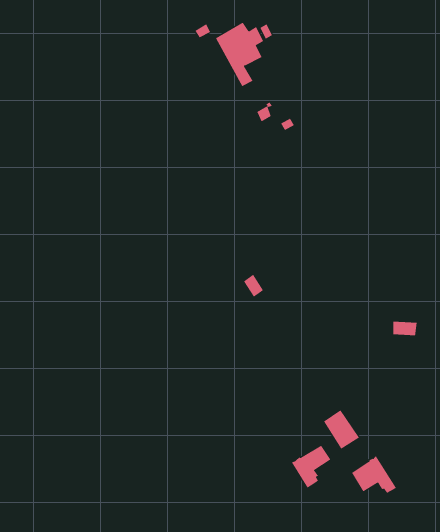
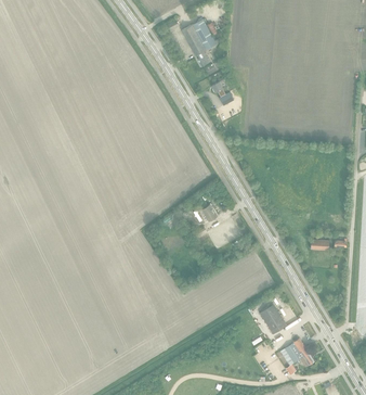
building: [291,445,331,488] -> none

